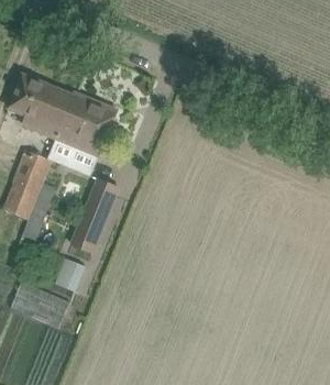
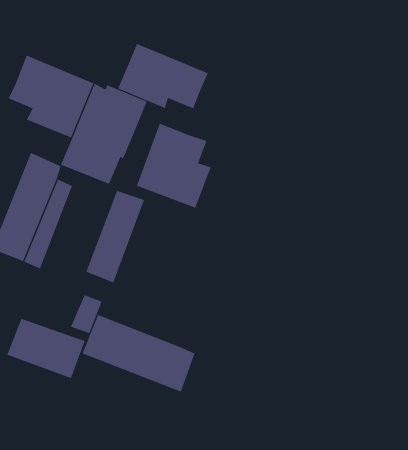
building: none -> [118,43,209,109]
building: none -> [136,123,212,209]
building: none -> [82,314,195,393]

